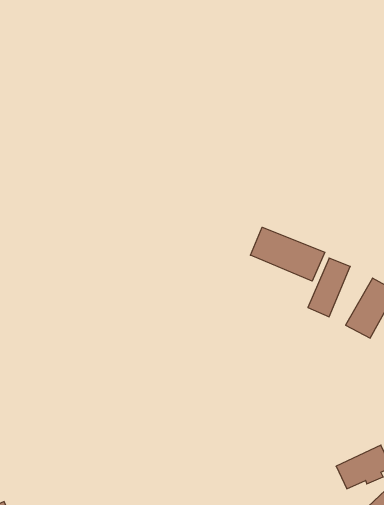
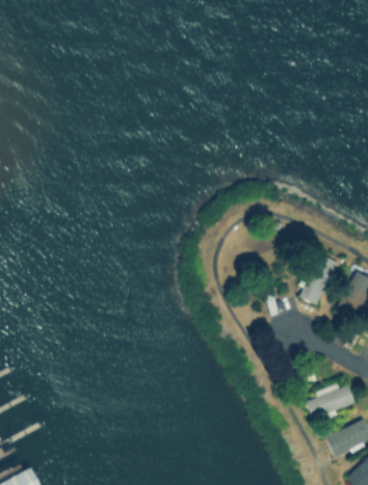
building: [250,227,325,281] -> none
building: none -> [305,383,356,417]

